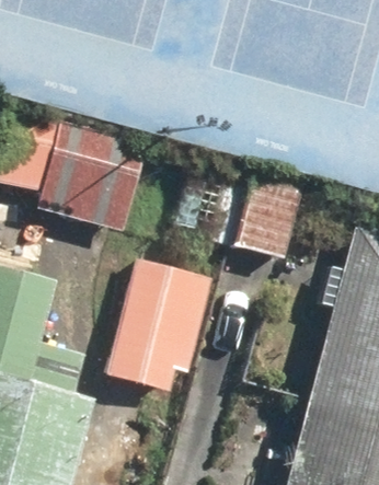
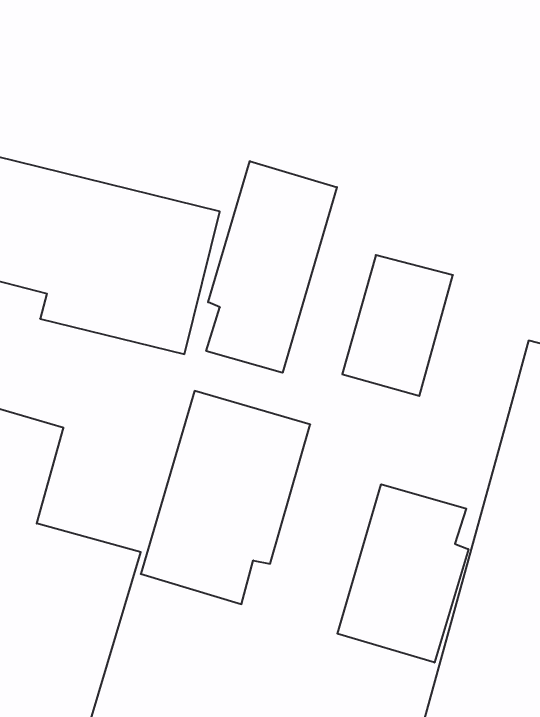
building: none -> [206,161,337,373]
building: none -> [337,484,468,663]

